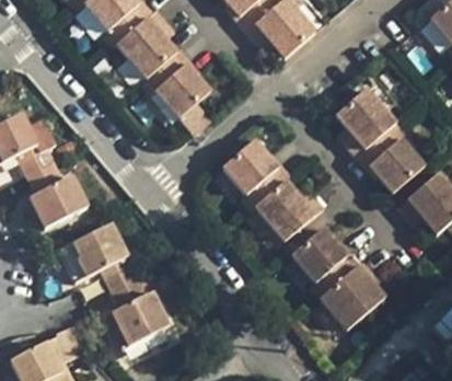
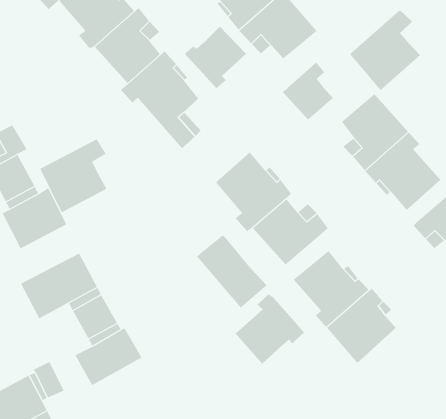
building: none -> [349,9,421,91]
building: none -> [184,26,247,89]
building: none -> [282,62,334,120]
building: none -> [40,138,107,213]
building: none -> [196,235,267,308]
building: none -> [235,293,305,365]

